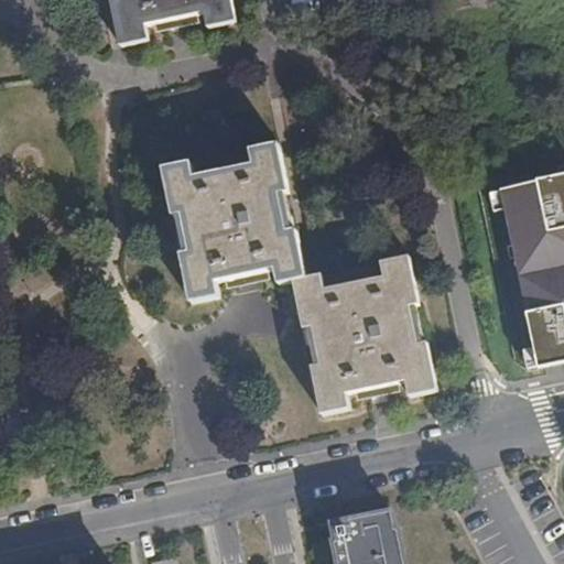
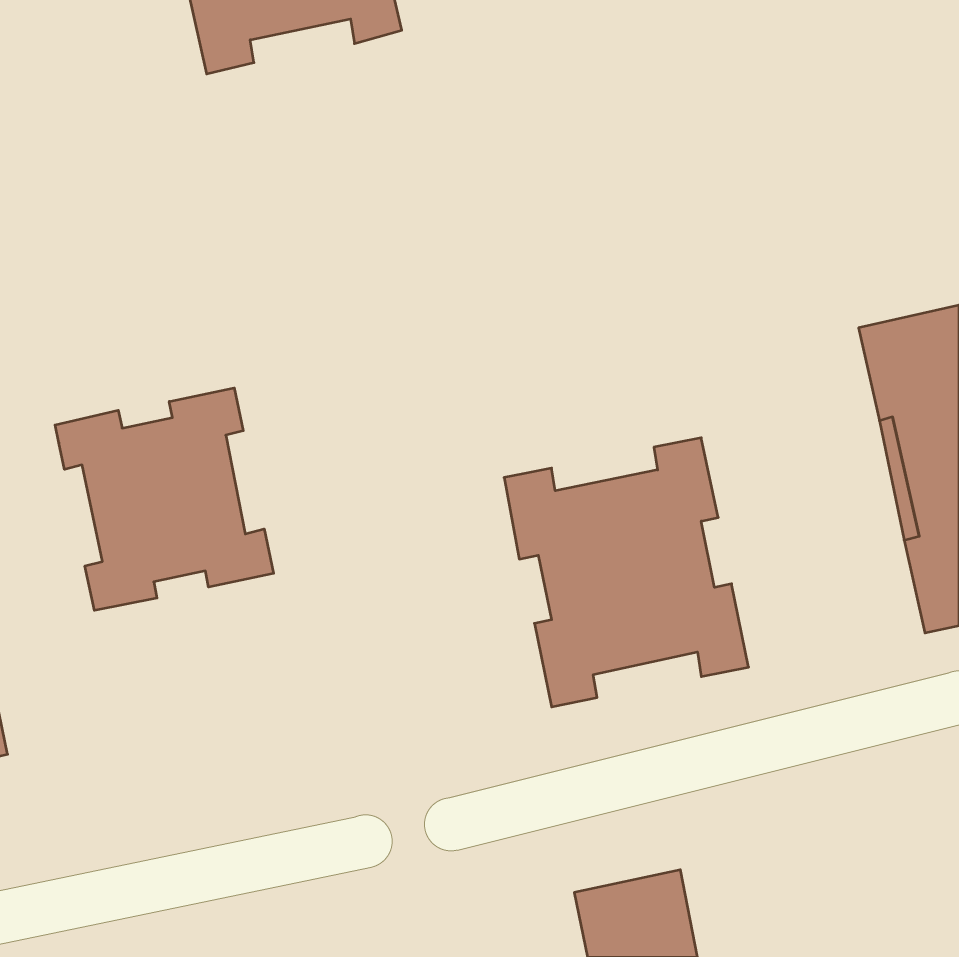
building: [161,141,304,300] -> none
building: none -> [55,388,274,610]

